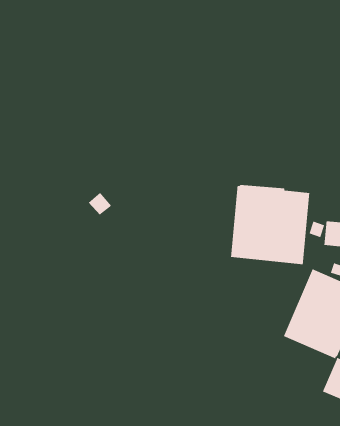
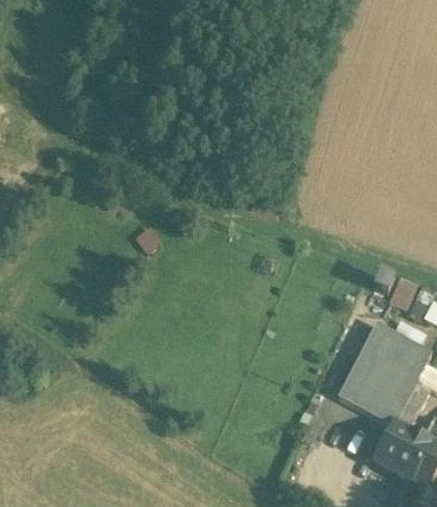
building: [230,184,310,265] -> none

